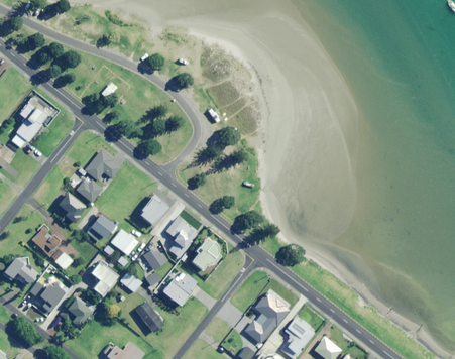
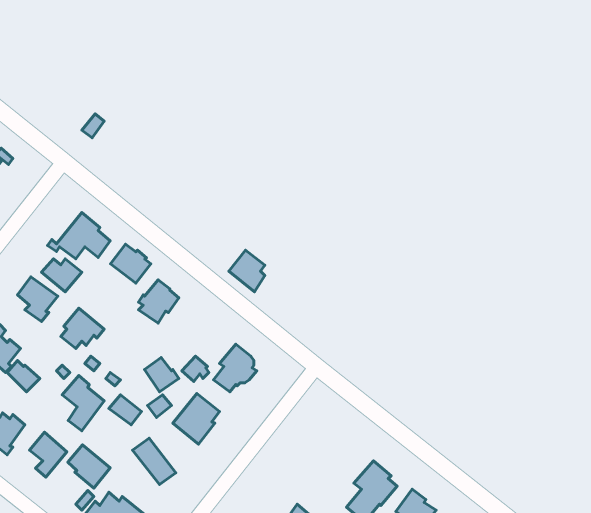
building: [163,220,188,248] -> [229,250,265,292]
building: [110,229,137,255] -> [111,244,151,283]
building: [244,292,289,344] -> none
building: none -> [68,445,110,488]

